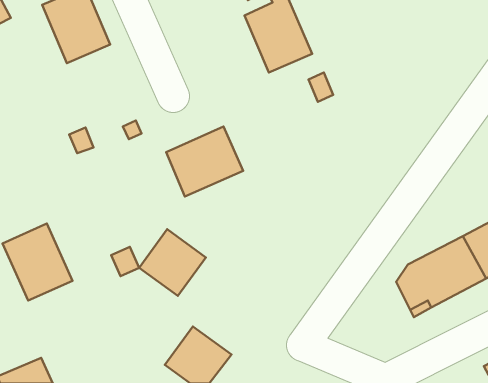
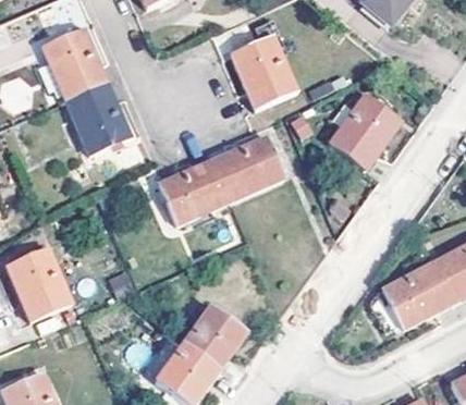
building: none -> [66,81,131,151]
building: none -> [331,94,403,169]
building: none -> [212,134,284,198]
building: [139,229,206,296] -> [184,307,246,369]

